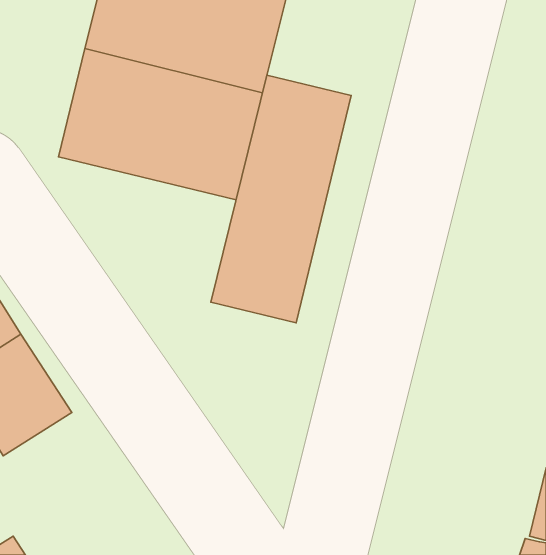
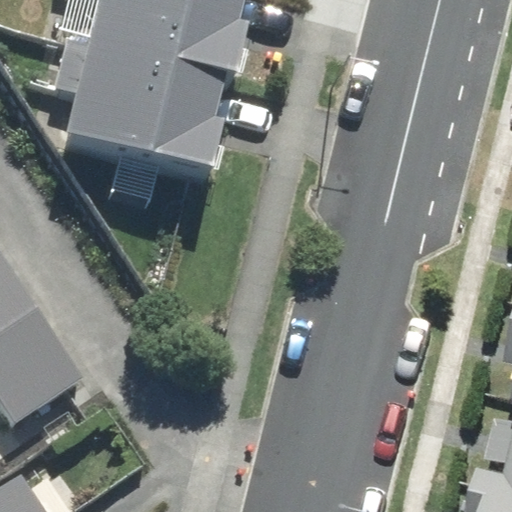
building: [211,75,351,323] -> none

